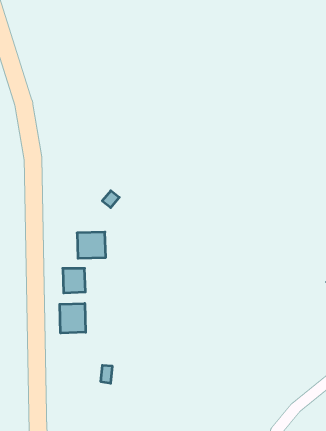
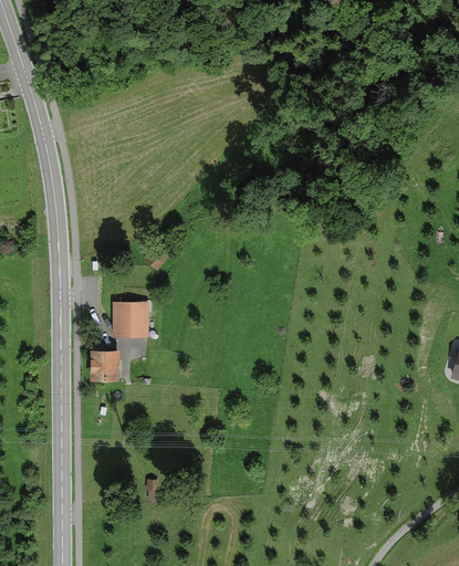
building: [60,303,86,333] -> none

